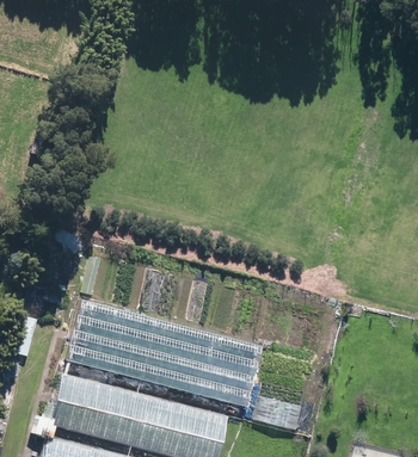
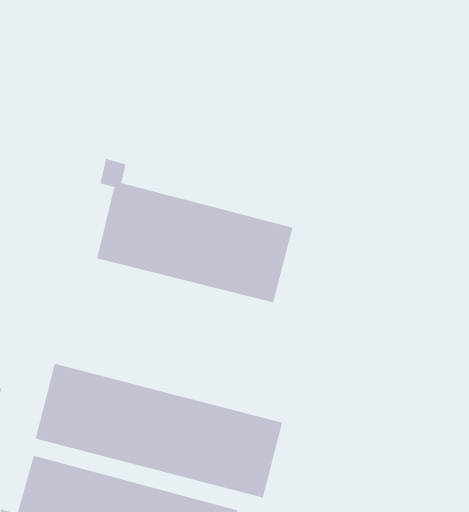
building: none -> [96,158,293,303]

